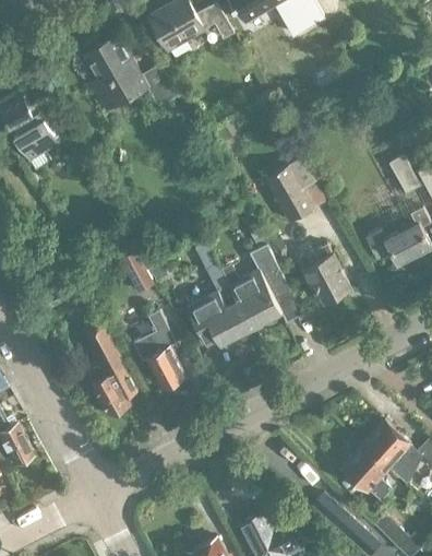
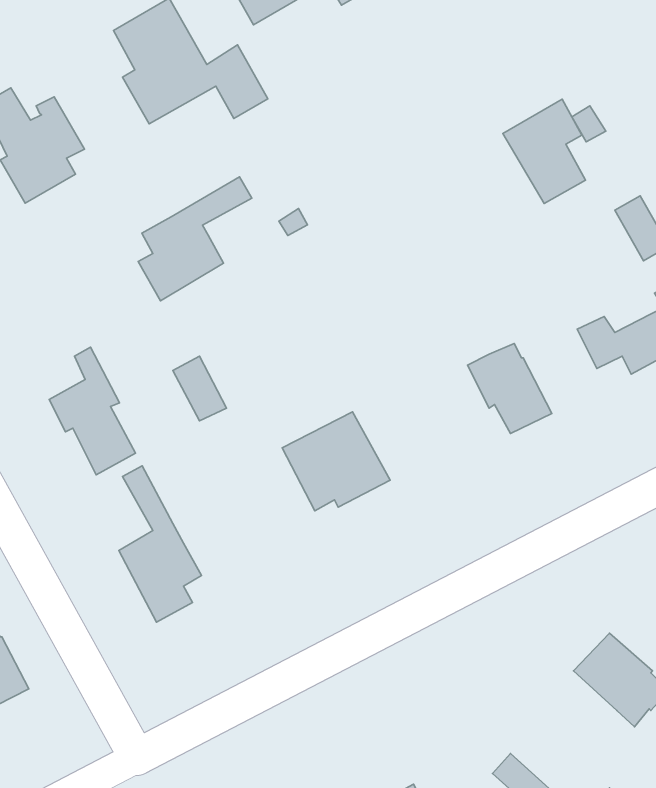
building: none -> [138,177,252,301]
building: [265,158,315,222] -> [503,99,586,204]
building: [217,246,291,329] -> none
building: [133,311,185,389] -> [49,347,136,475]
building: [343,445,393,501] -> none

